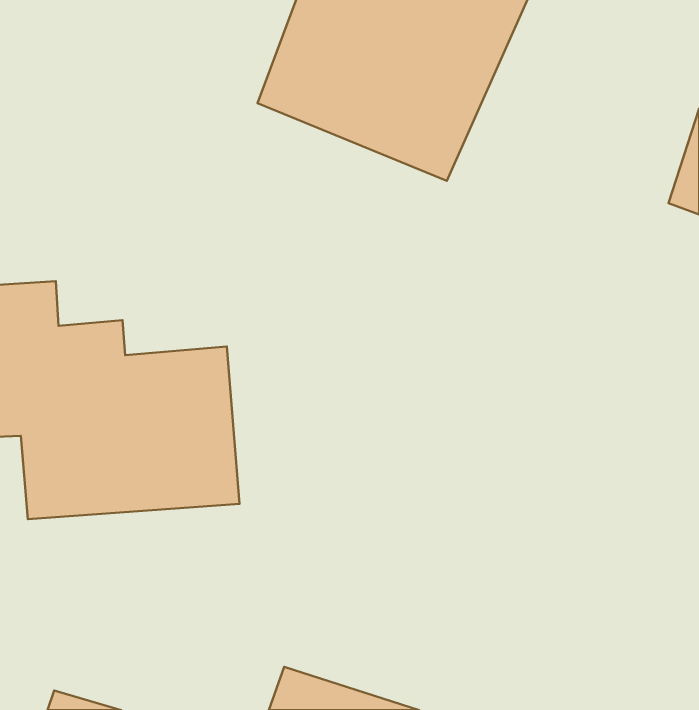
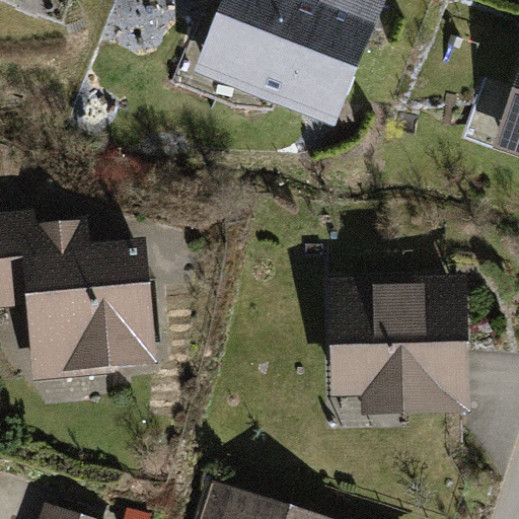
building: none -> [333,277,481,413]

